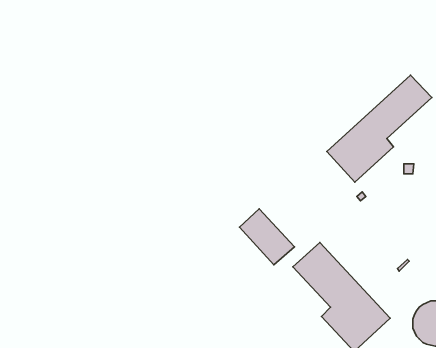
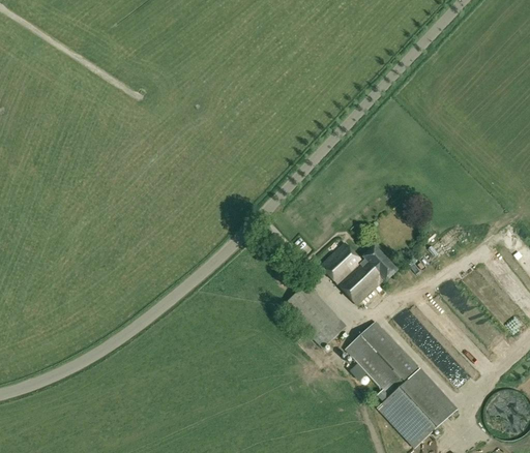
building: [327,75,432,182] -> none
building: none -> [321,243,399,304]

